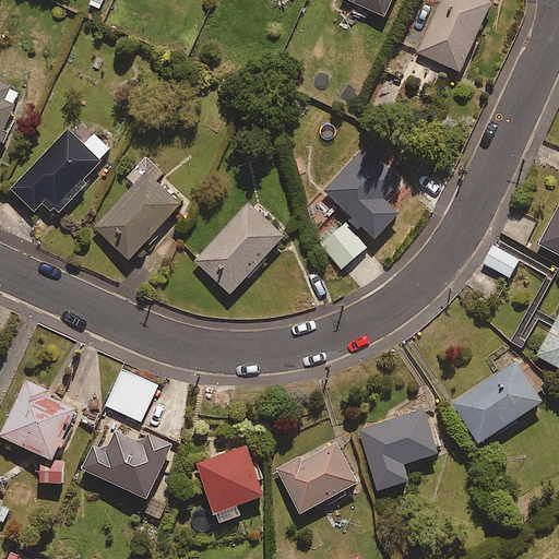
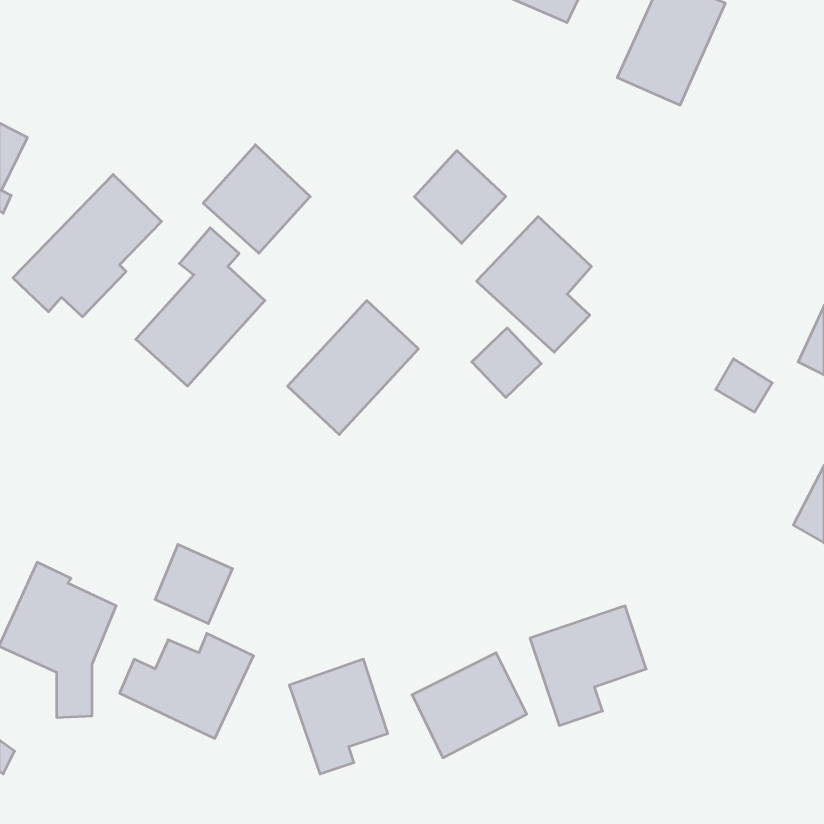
building: none -> [203,145,310,253]
building: none -> [414,151,506,243]
building: [451,360,543,443] -> none

